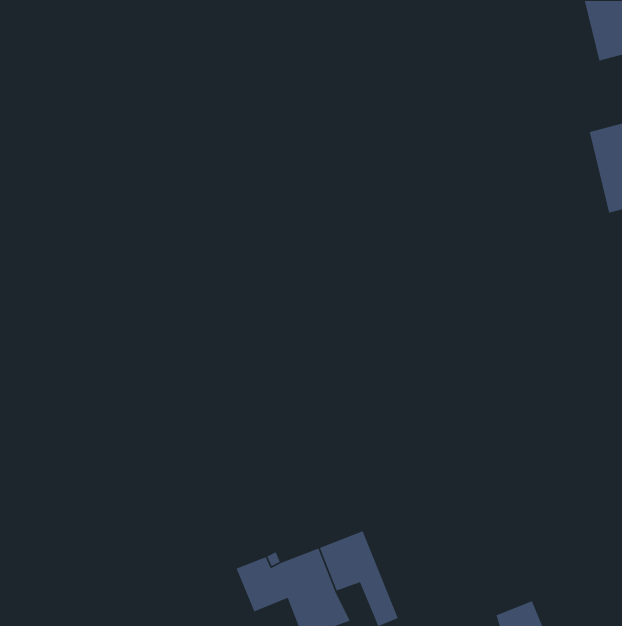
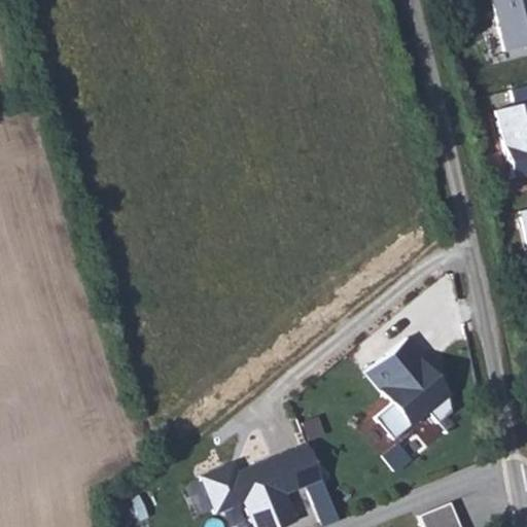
building: none -> [367,339,453,442]

